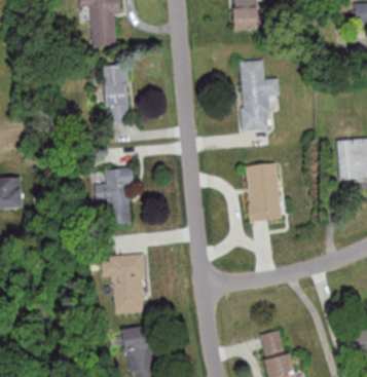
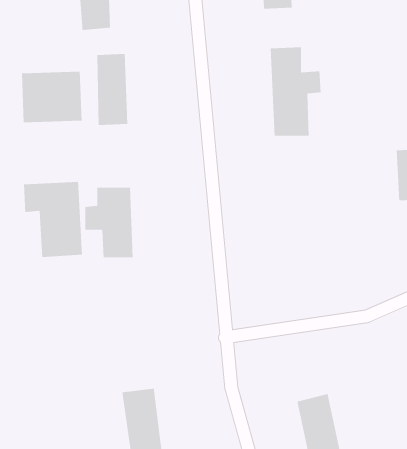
building: none -> [21,71,82,123]
building: [245,163,280,222] -> none
building: [101,254,147,313] -> [23,181,83,258]

